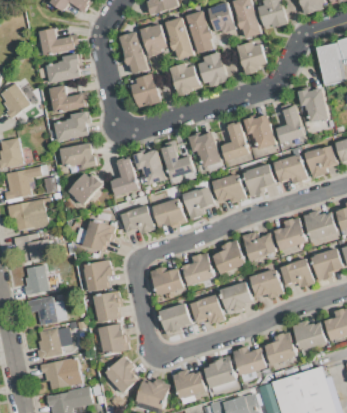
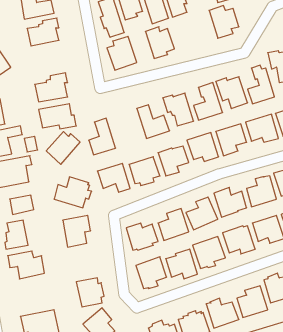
building: [198,51,229,87] -> none
building: [50,86,85,114] -> none
building: [132,150,166,184] -> none
building: [93,292,123,322] -> none
building: [36,328,71,358] -> none

